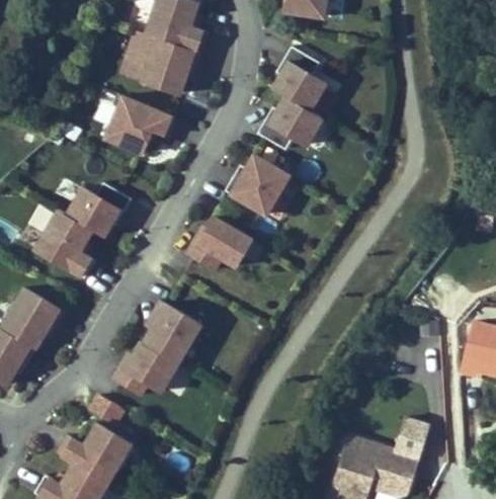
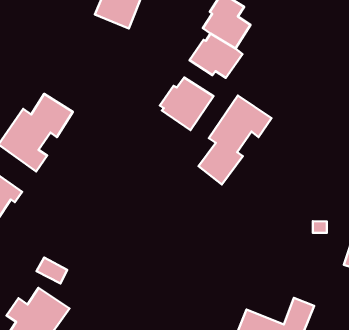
building: [102,96,172,160] -> none
building: none -> [199,95,272,185]
building: [195,217,251,271] -> none
building: [111,299,202,396] -> none

